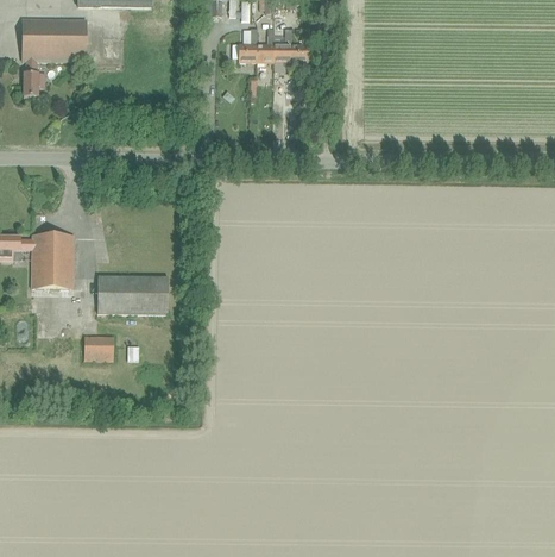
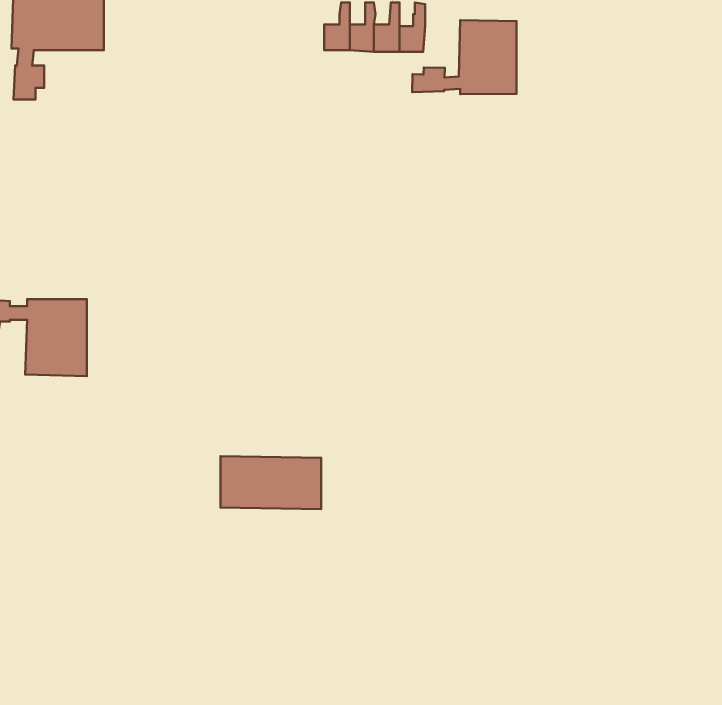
building: none -> [412,20,516,94]
building: [97,276,168,313] -> [220,456,321,509]
building: [83,334,114,359] -> none

